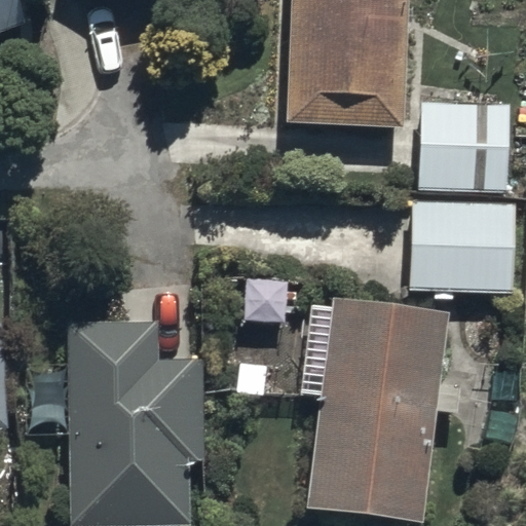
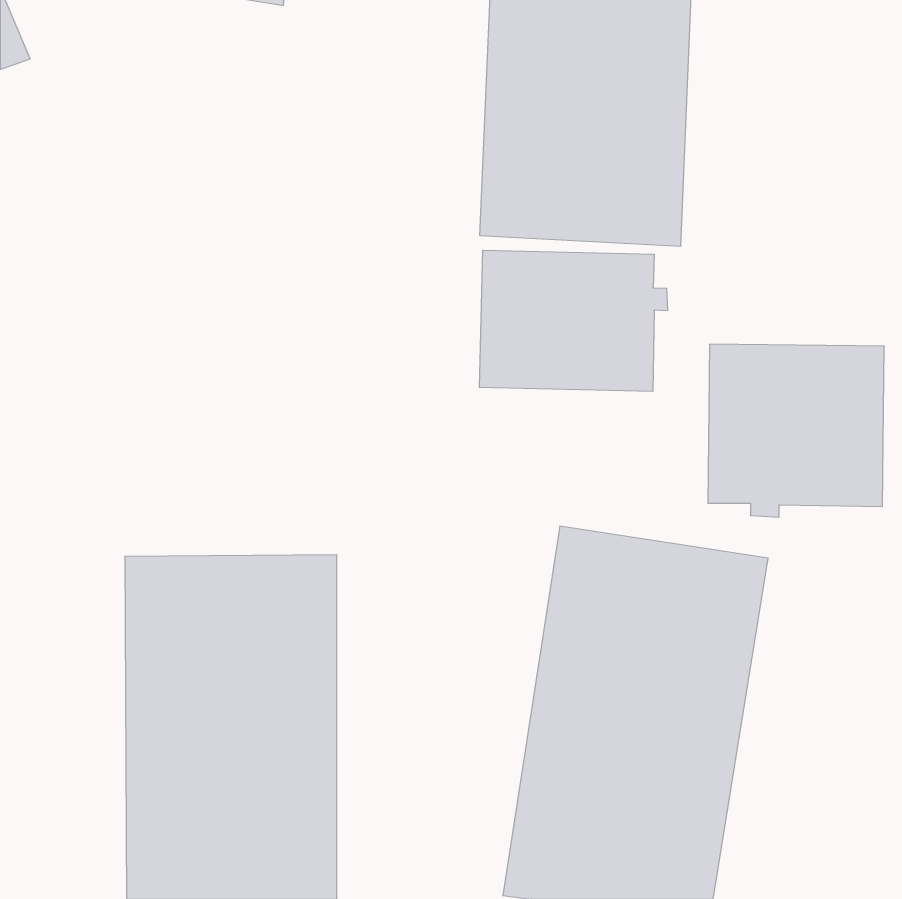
building: [420,101,511,191] -> none
building: none -> [479,250,668,391]

